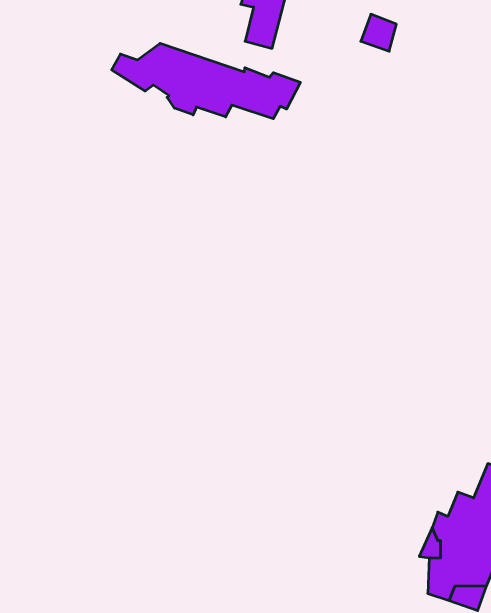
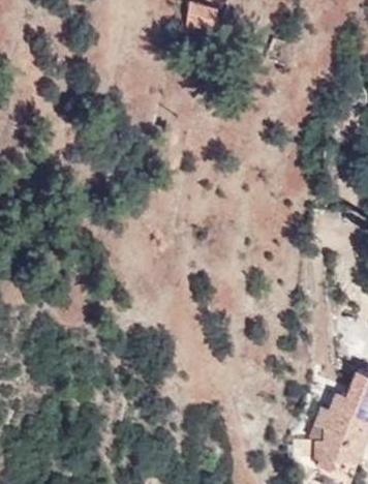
building: [112,43,300,119] -> none

